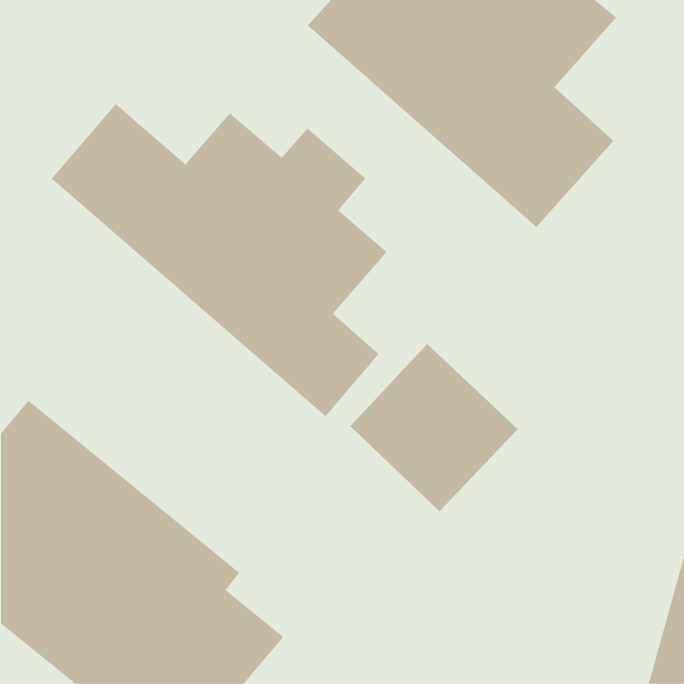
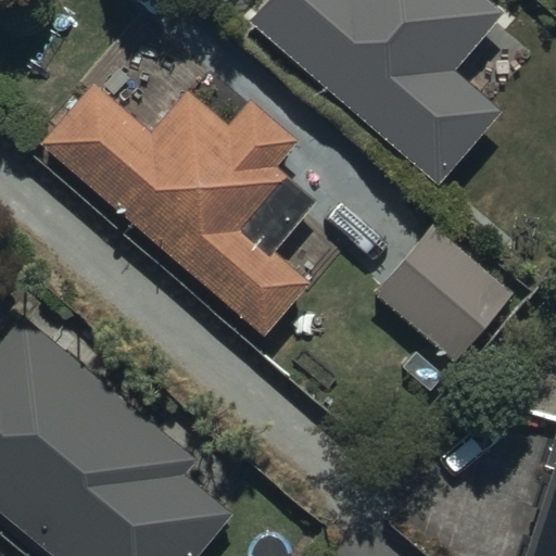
building: [350,343,519,512] -> [377,223,514,359]

